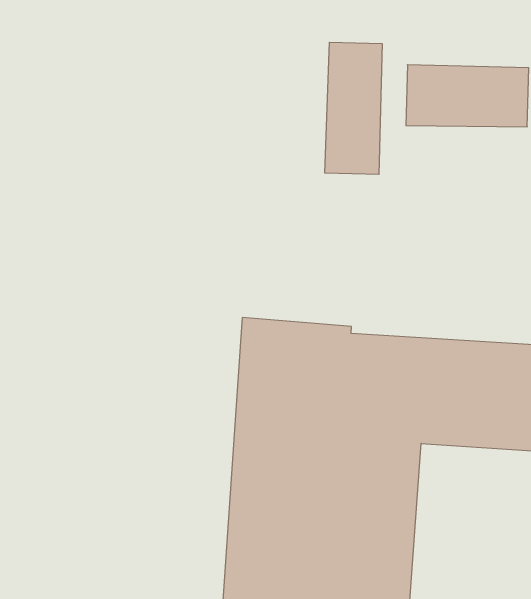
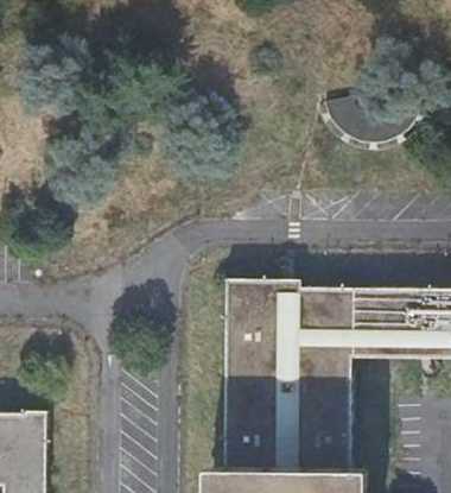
building: [325,42,382,174] -> none

